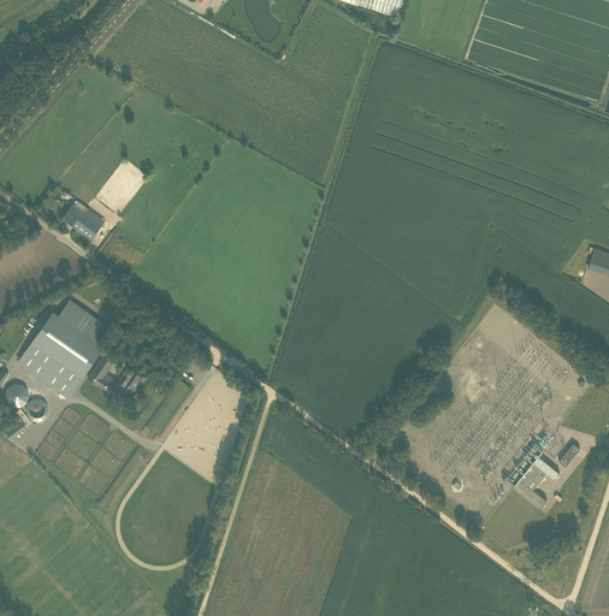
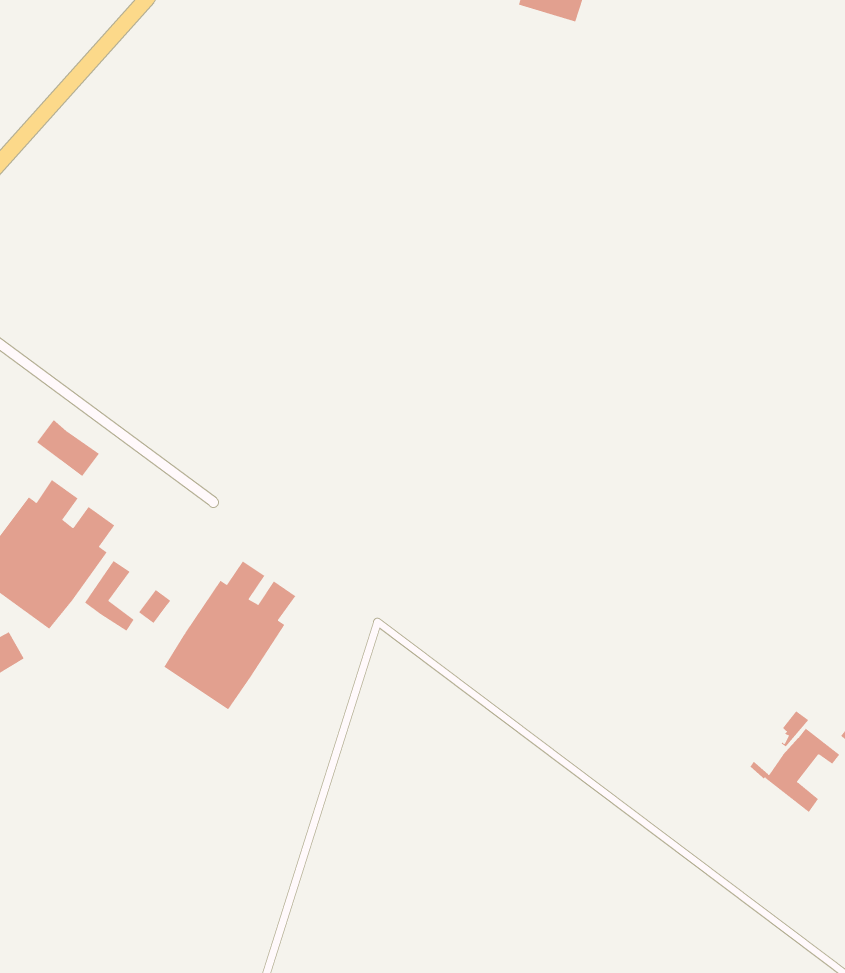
building: [63,202,102,238] -> [36,419,100,477]
building: none -> [164,560,296,710]

